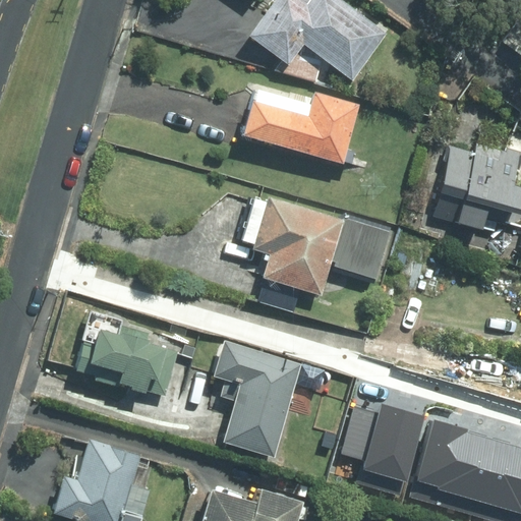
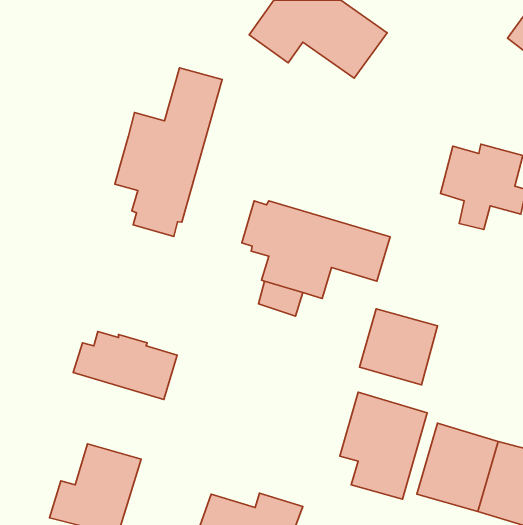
building: none -> [115,68,222,237]
building: [243,90,360,162] -> none
building: none -> [360,309,438,385]
building: [214,341,302,456] -> none

